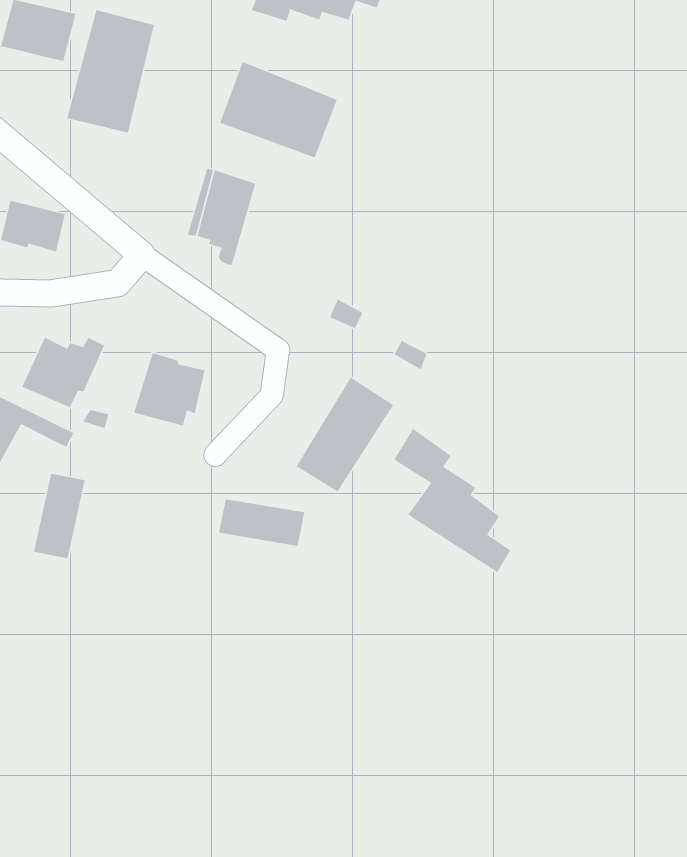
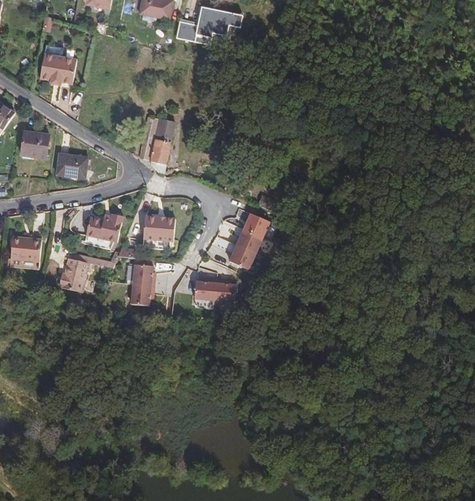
building: [66,9,155,134] -> none
building: [219,61,338,159] -> none
building: [393,428,511,573] -> none
building: [33,473,86,559] -> [128,265,149,307]

